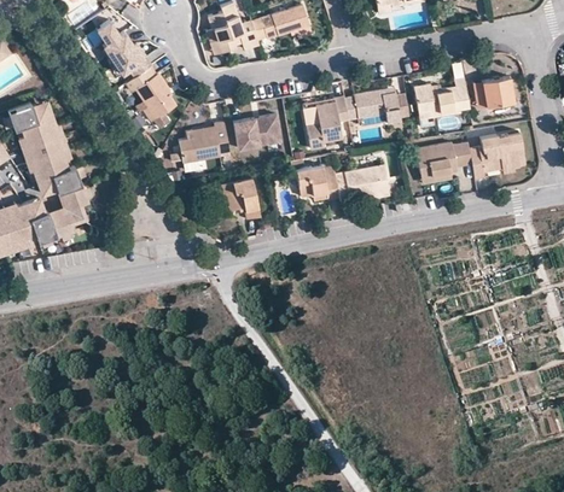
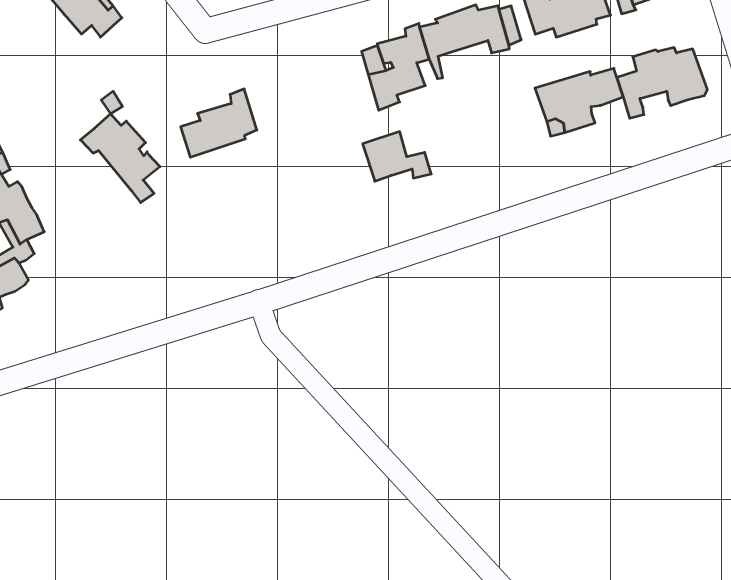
building: [126,69,175,129] -> [80,114,160,203]
building: [233,113,281,148] -> none
building: [336,164,390,203] -> none
building: [221,177,260,217] -> none

